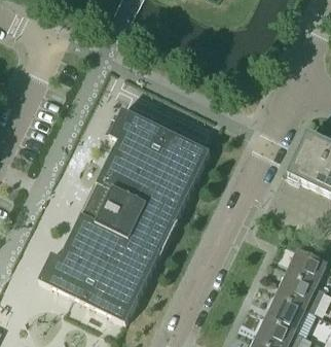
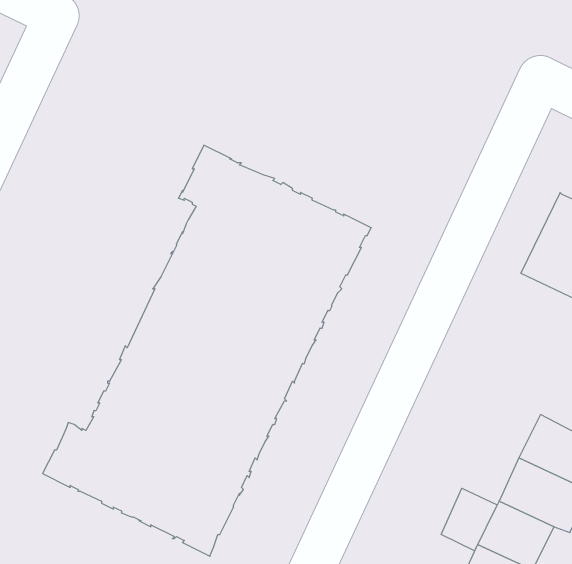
building: none -> [441,488,497,551]

